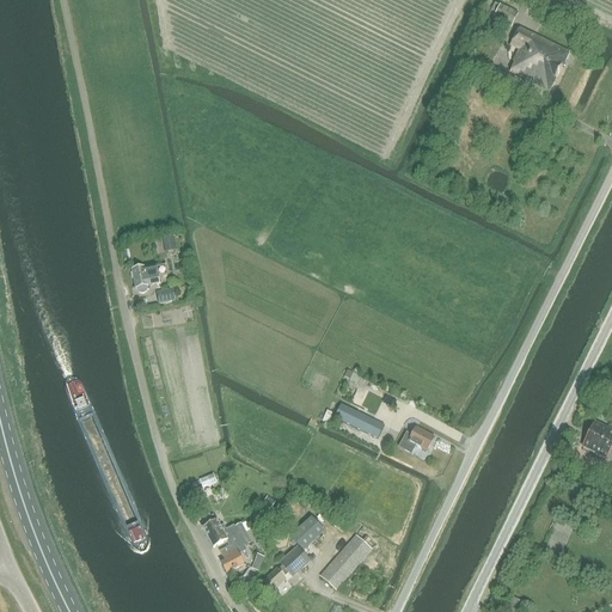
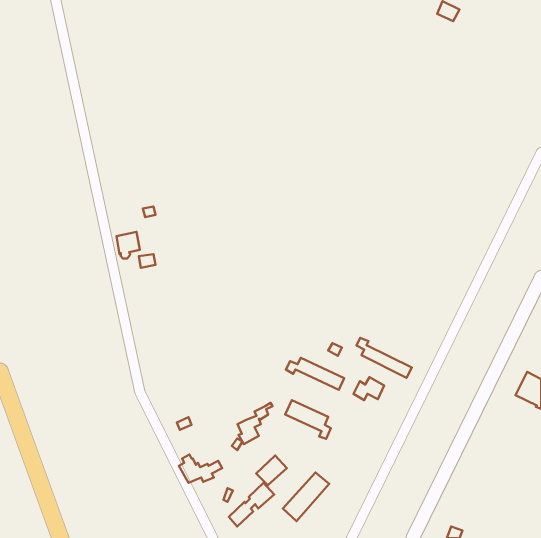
building: [509,24,569,90] -> none
building: none -> [357,338,412,378]
building: none -> [285,400,331,439]
building: [220,525,259,571] -> [238,403,273,444]

